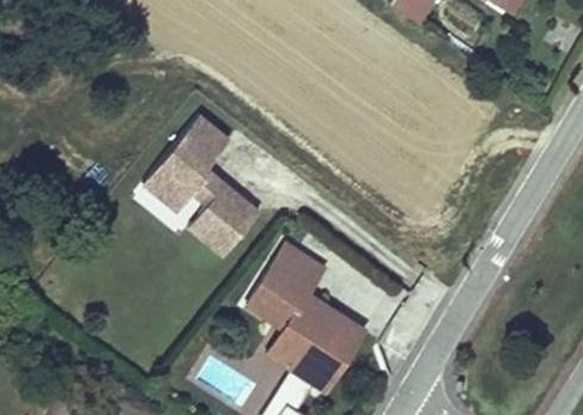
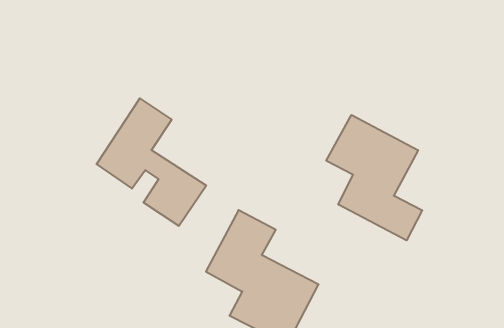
building: none -> [326,115,422,240]

